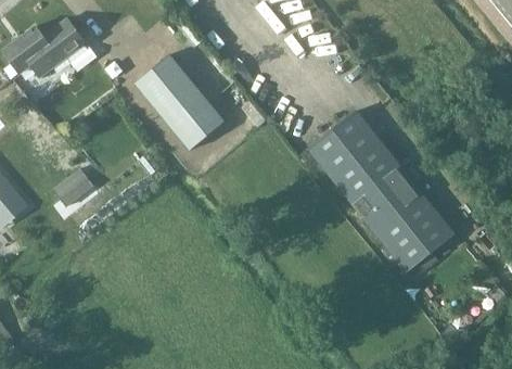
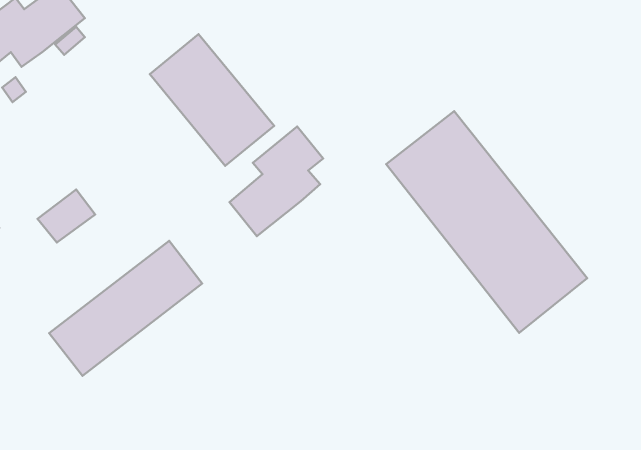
building: none -> [230,126,323,236]
building: none -> [49,241,202,376]

